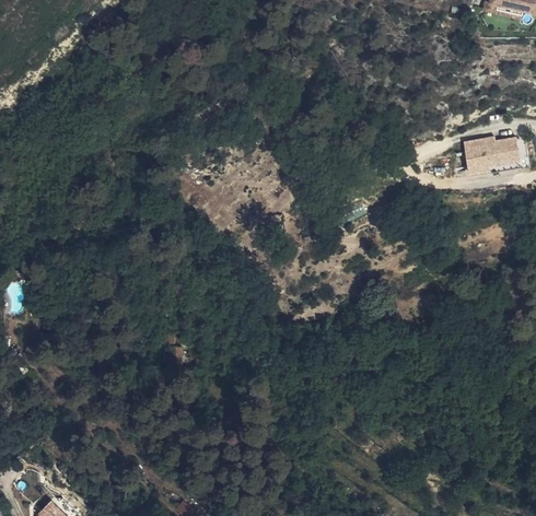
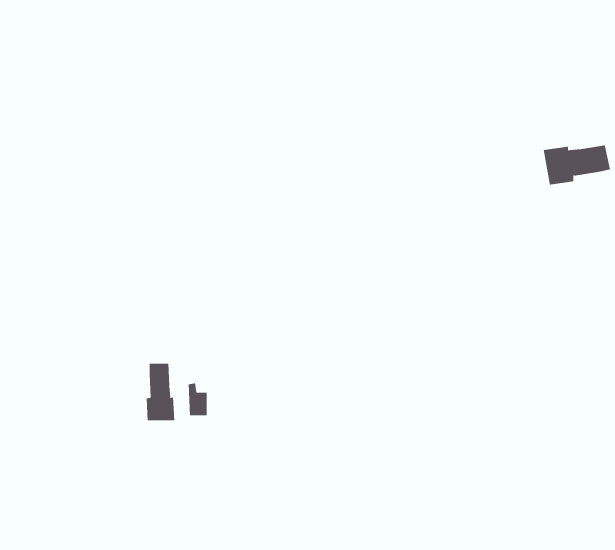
building: none -> [146,363,175,421]

